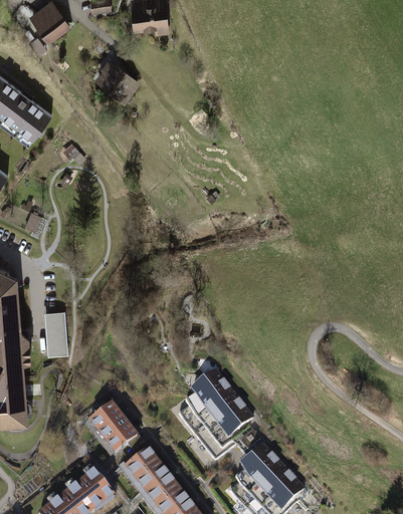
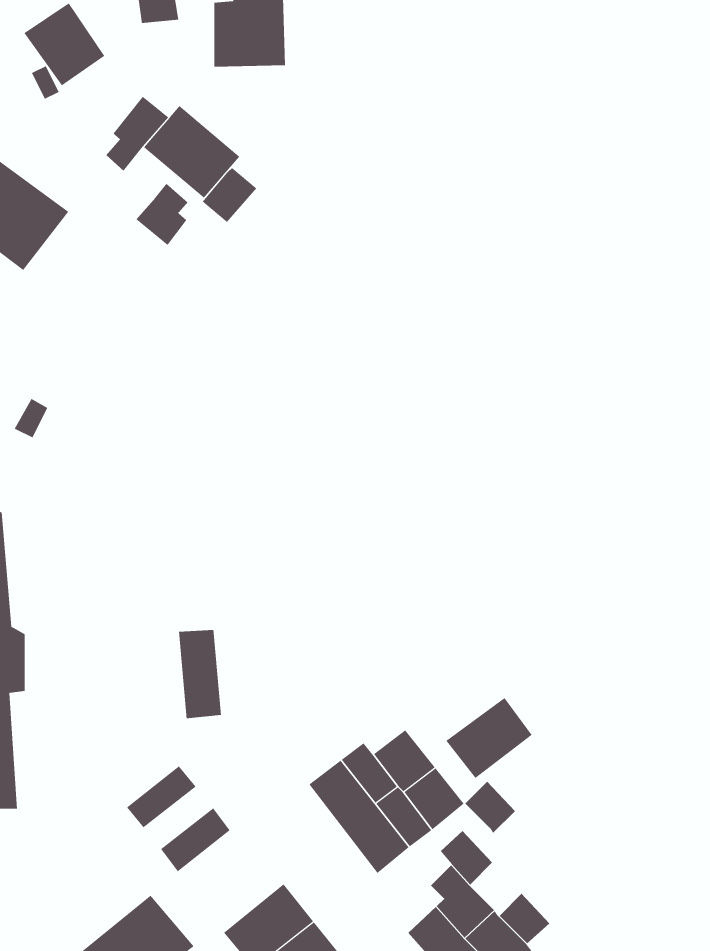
building: none -> [105,96,169,171]
building: none -> [202,167,257,223]
building: none -> [136,183,189,246]
building: [42,310,65,357] -> [178,629,222,719]
building: [195,364,229,399] -> none
building: none -> [446,697,533,779]
building: [90,416,128,449] -> none
building: [117,448,165,493] -> none
building: [263,456,290,484] -> [464,781,516,834]

